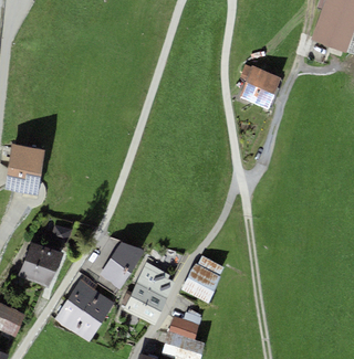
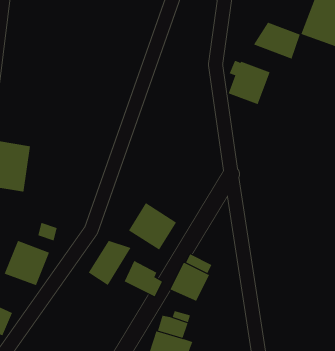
building: none -> [253,22,301,59]
building: none -> [128,202,177,251]
building: [55,279,114,341] -> none
building: [125,283,167,325] -> none

